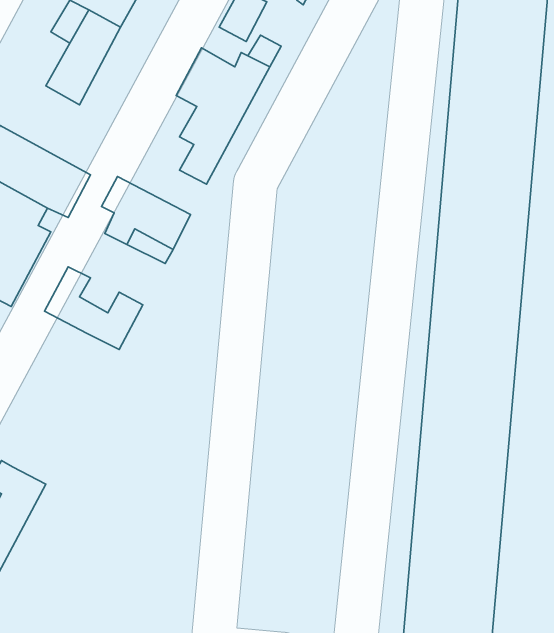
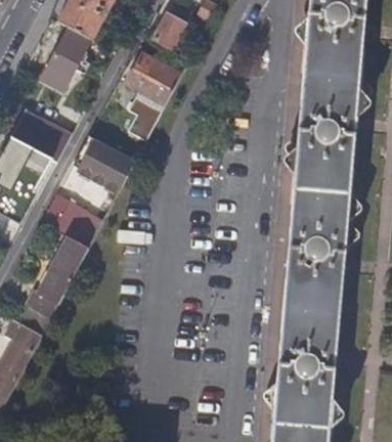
building: none -> [20,236,89,334]

